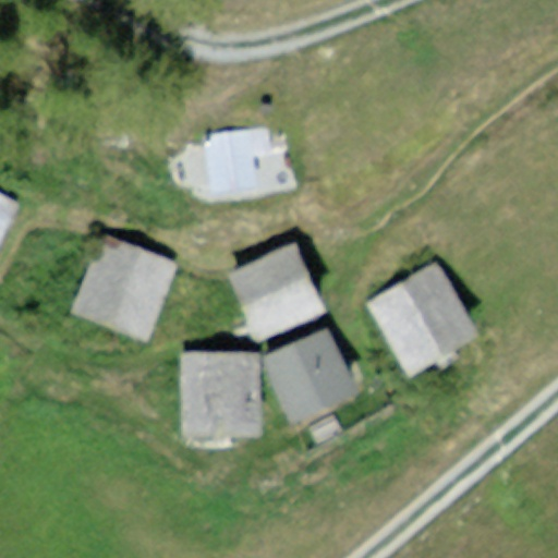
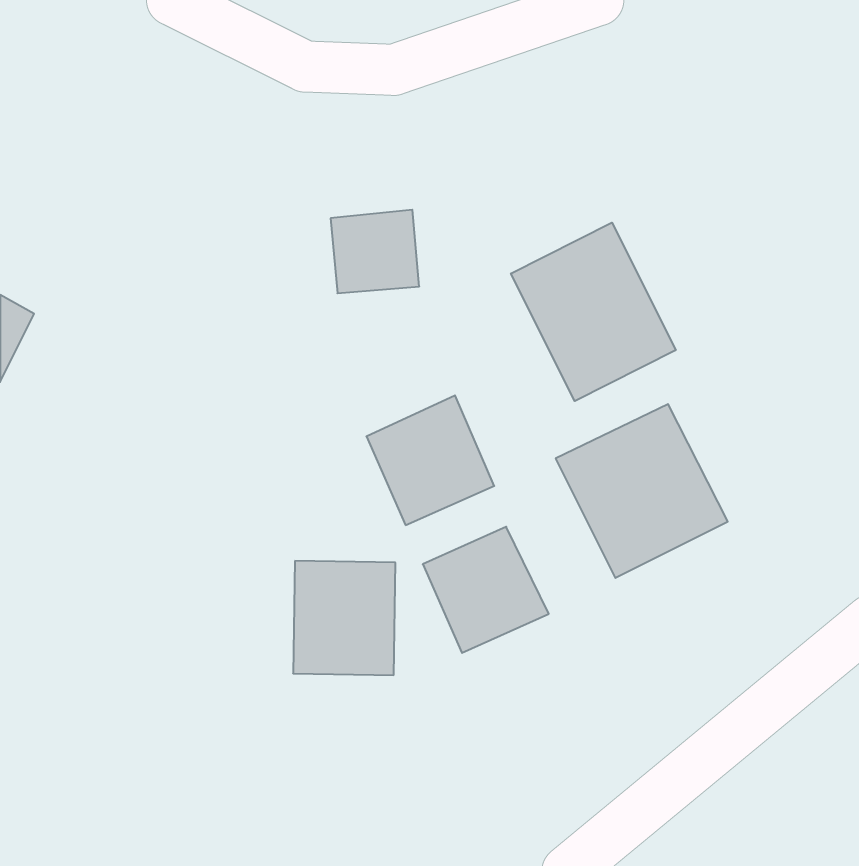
building: none -> [511,223,676,401]
building: [72,236,162,329] -> none

